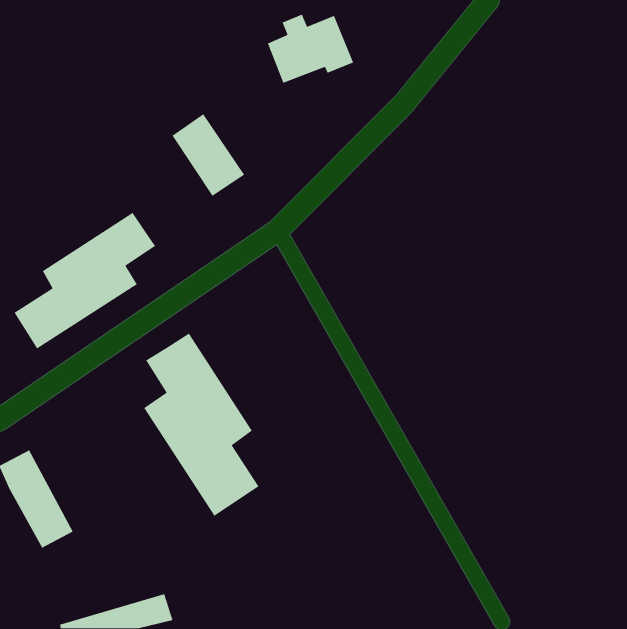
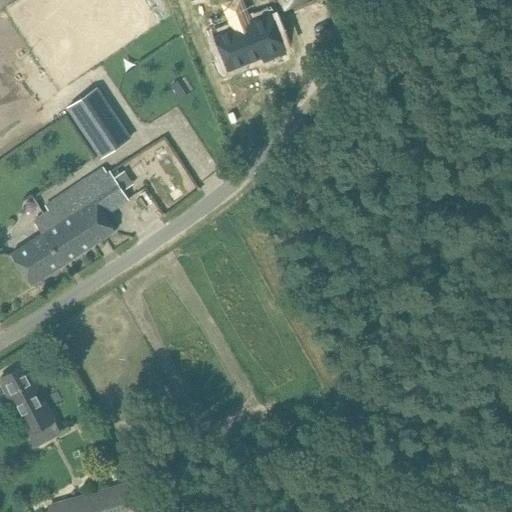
building: [172,113,245,197] -> [68,89,128,157]
building: [143,333,260,517] -> none

